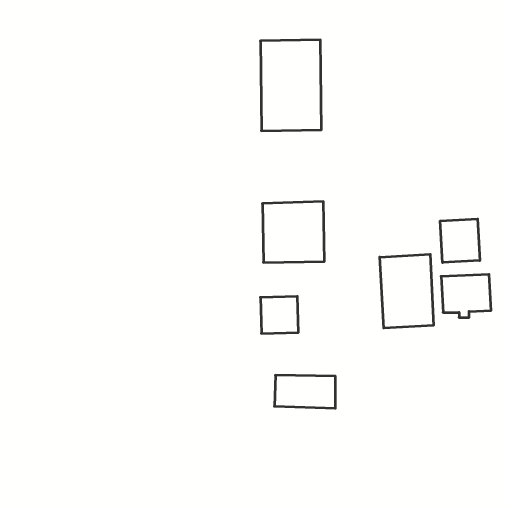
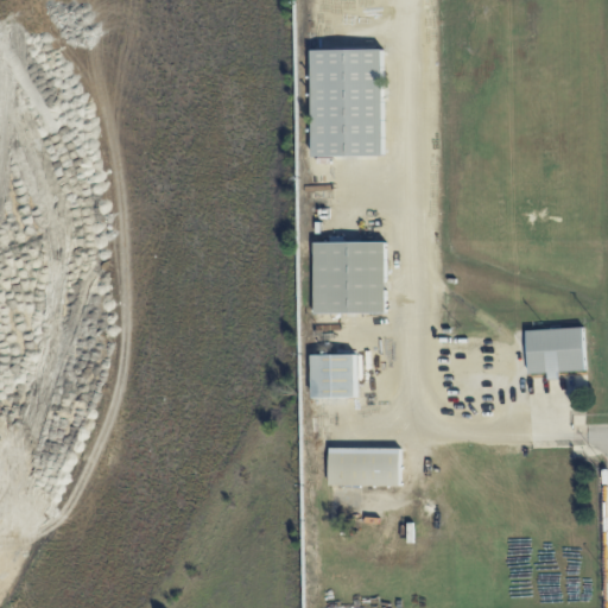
building: [440,219,480,263] -> none
building: [380,254,433,328] -> none

